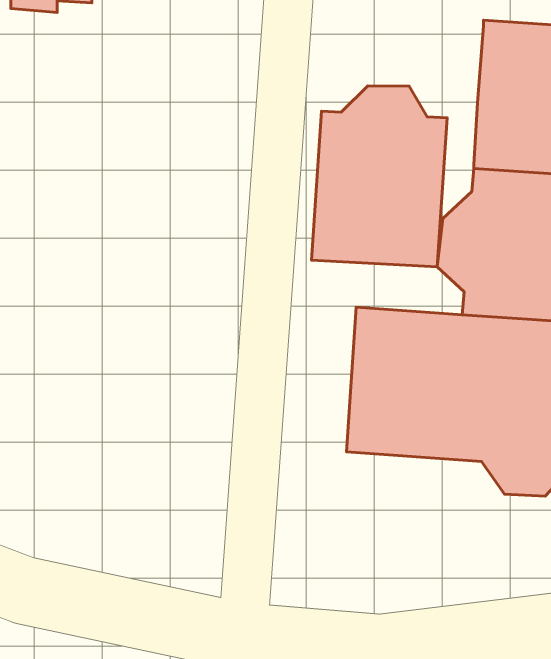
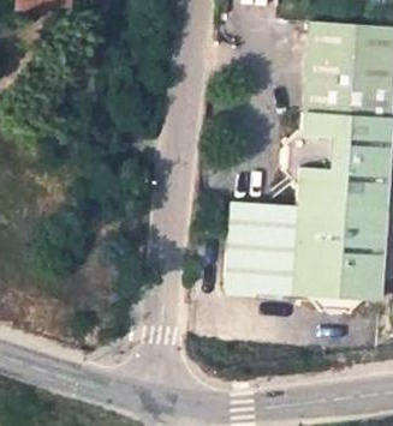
building: [312,86,447,267] -> none

